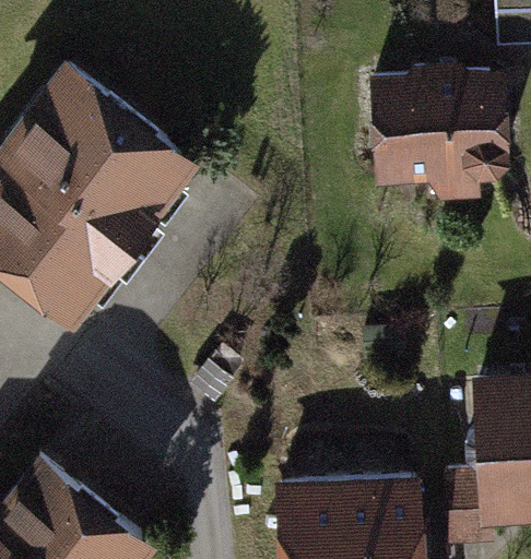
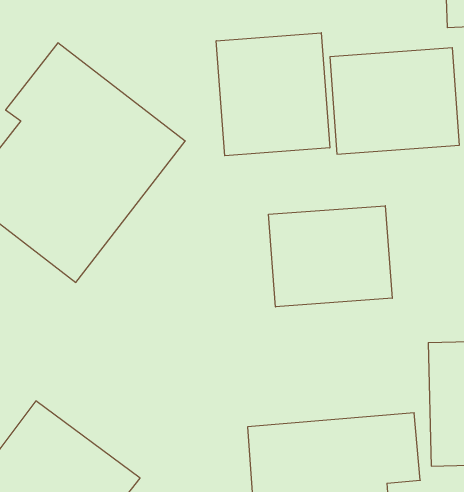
building: none -> [216,33,330,156]
building: none -> [269,206,392,307]

